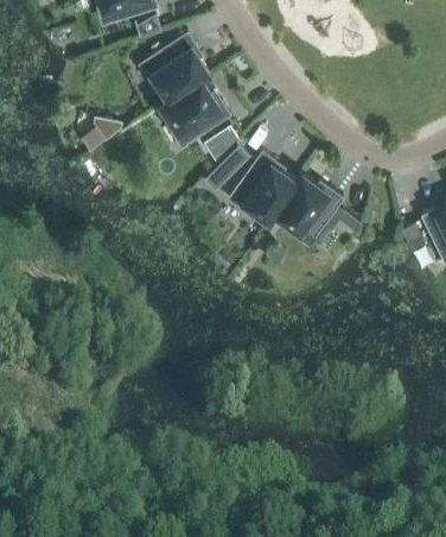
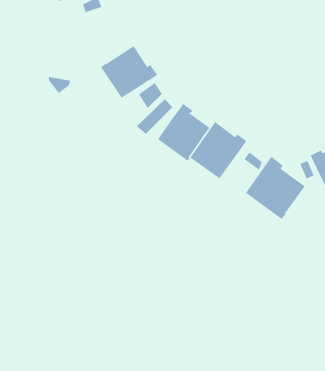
building: [142,32,210,101] -> none
building: none -> [245,156,306,220]

